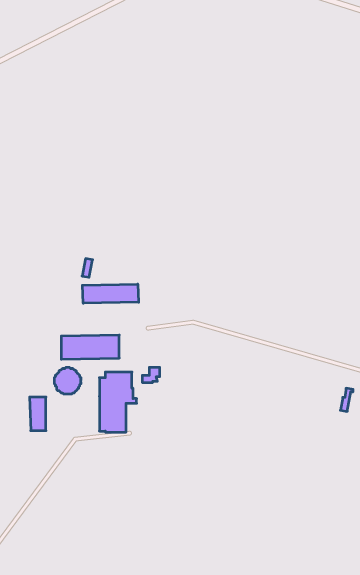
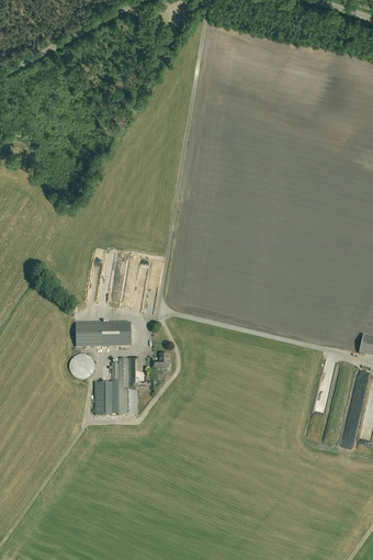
building: [82,284,139,303] -> none
building: [30,397,46,431] -> [94,381,110,413]

